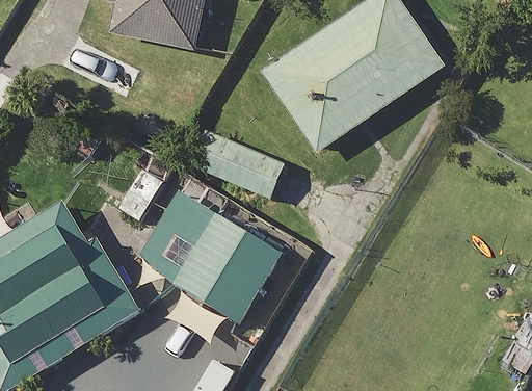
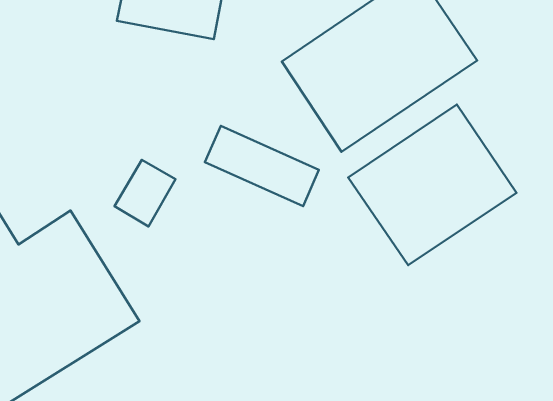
building: none -> [348,104,517,265]
building: [137,186,289,348] -> none

